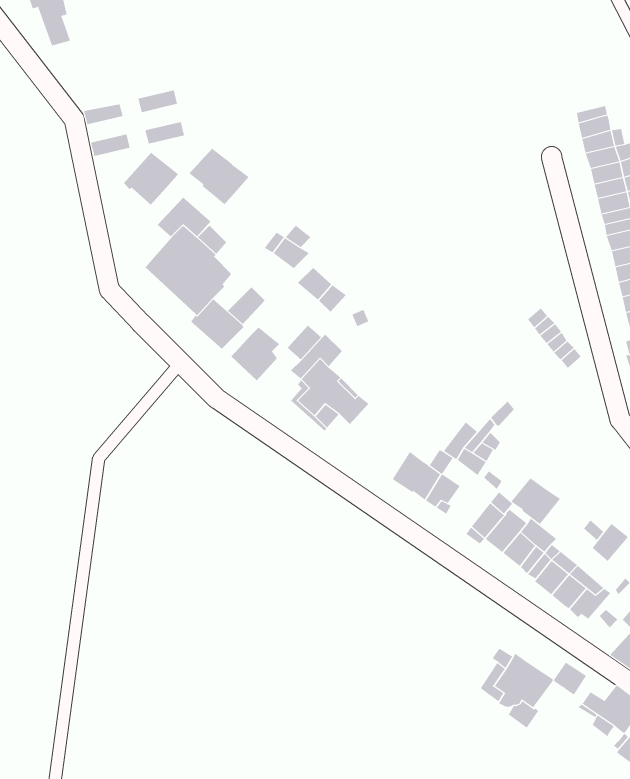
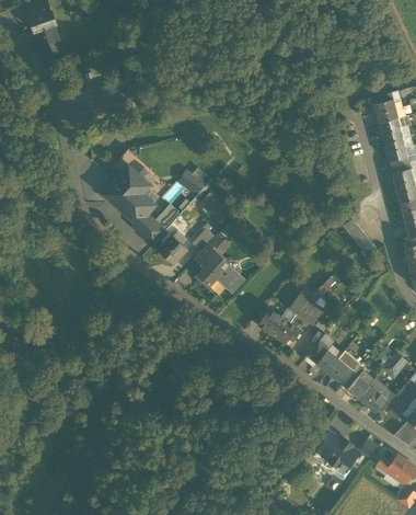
building: [188,148,250,205] -> none
building: [123,152,179,205] -> none
building: [511,478,561,525] -> none

